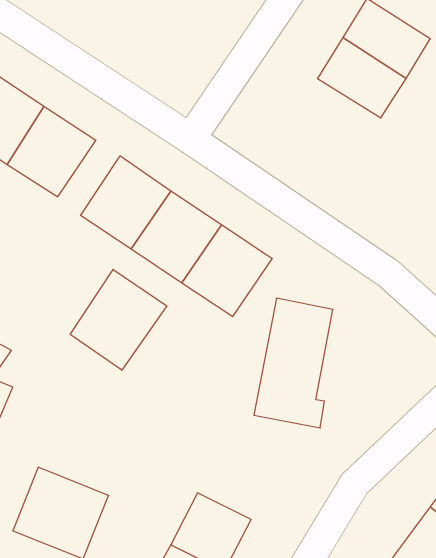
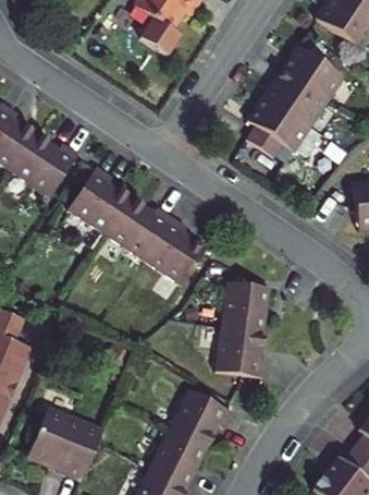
building: none -> [238,110,307,171]
building: [70,269,167,370] -> none
building: none -> [165,389,227,451]

